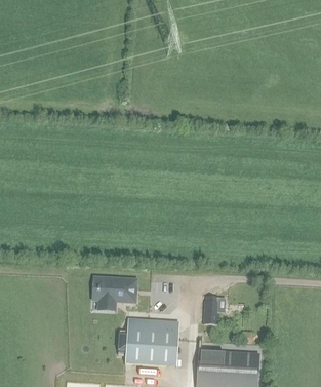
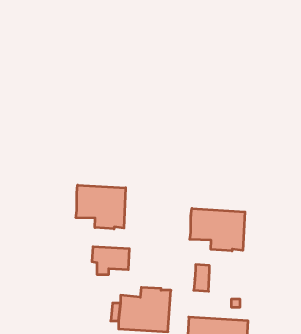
building: none -> [76,185,126,229]
building: none -> [190,208,245,251]

